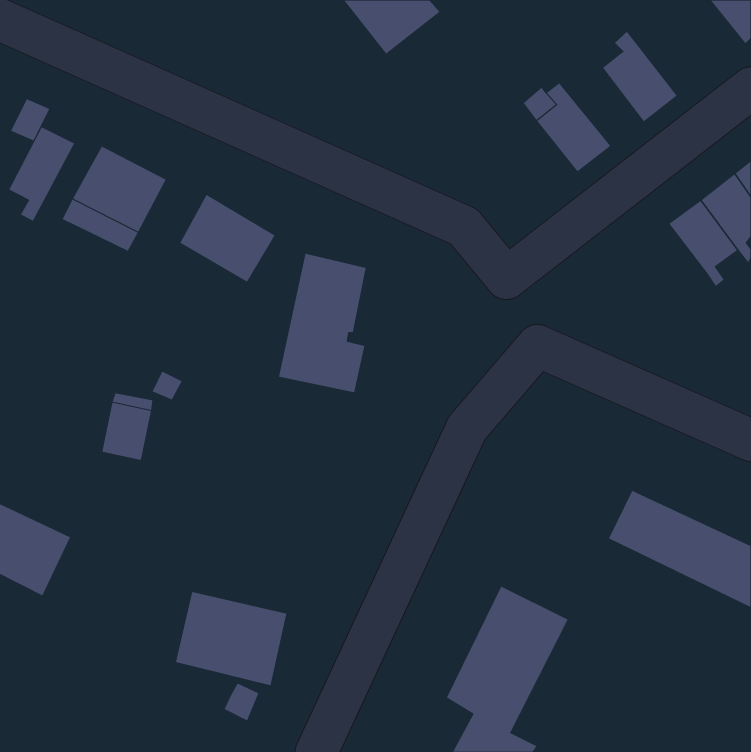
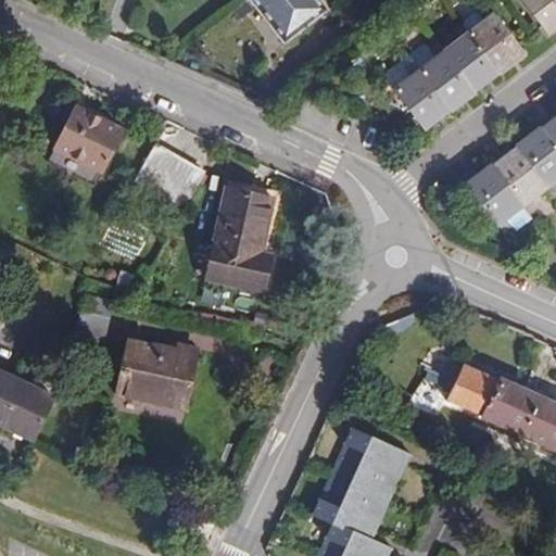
building: none -> [462,5,525,71]
building: none -> [413,41,475,108]
building: [8,126,75,221] -> none
building: none -> [468,165,521,230]
building: [175,592,287,686] -> [114,340,197,409]

